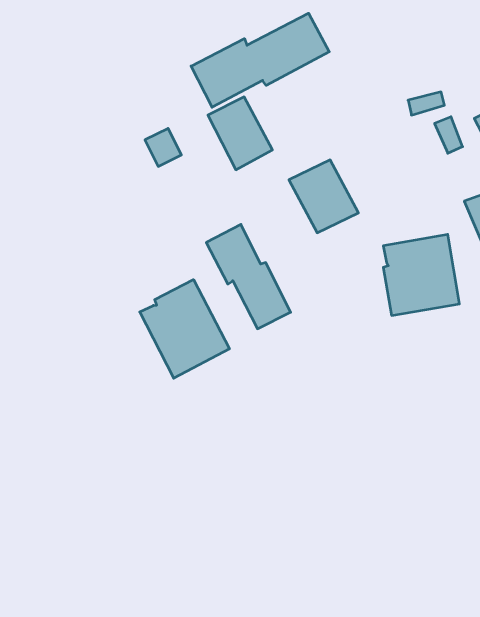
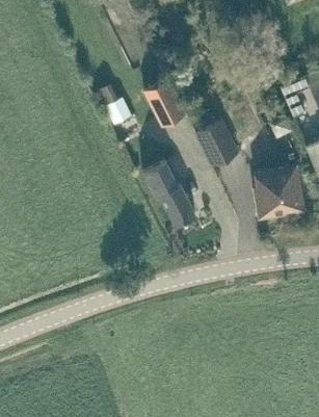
building: [191,13,329,107] -> none
building: [140,280,229,378] -> none

